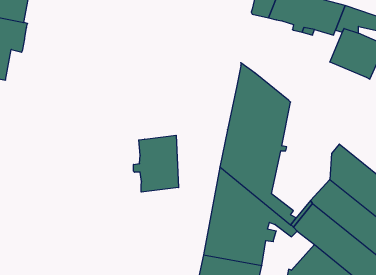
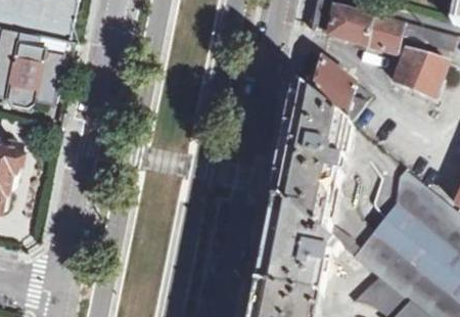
building: none -> [296,53,368,122]
building: [134,135,179,192] -> none

